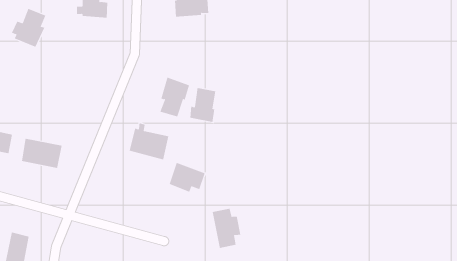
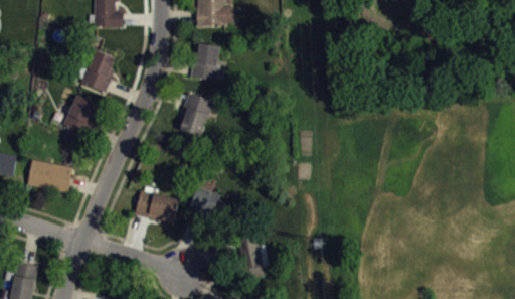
building: [11,8,46,48] -> [77,49,116,93]
building: none -> [62,95,100,137]
building: [189,88,216,123] -> [191,43,220,82]
building: [129,123,169,160] -> [135,184,179,226]

